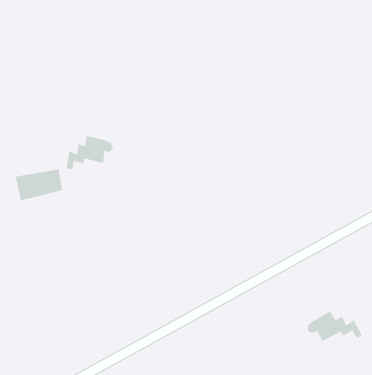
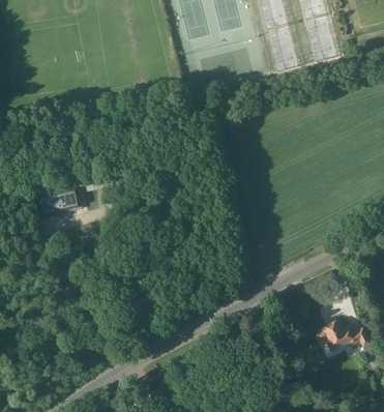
building: [66,135,113,170] -> none

